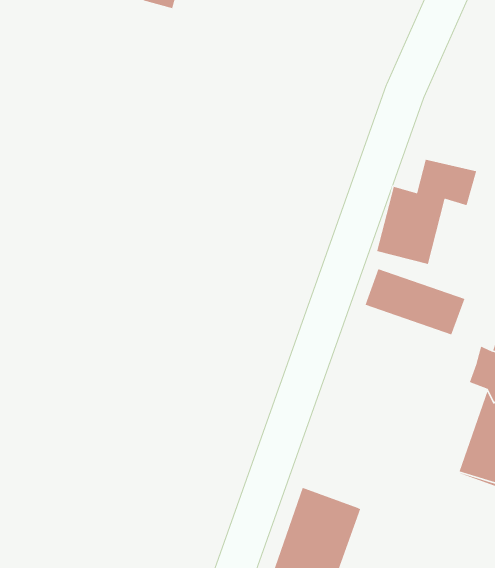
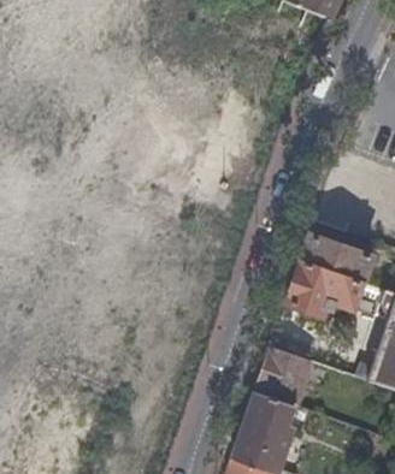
building: none -> [285,260,364,319]
building: none -> [257,346,311,404]

